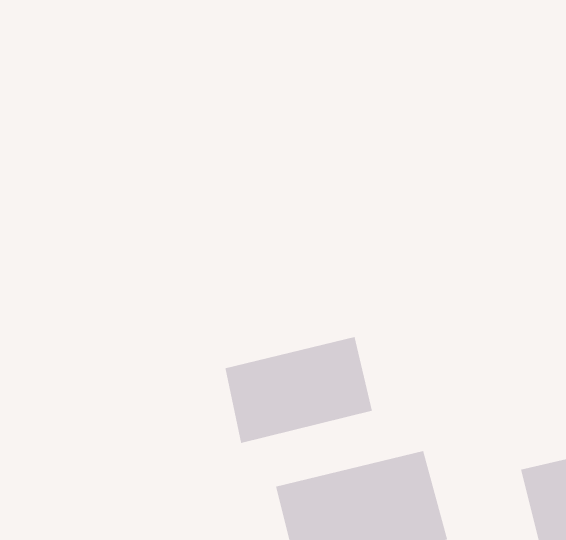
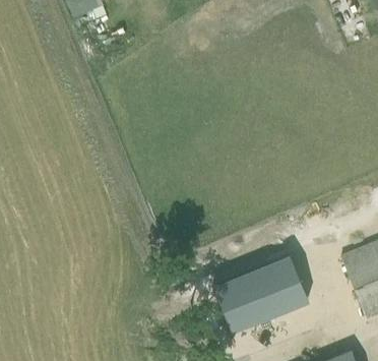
building: [224,336,373,444] -> none

